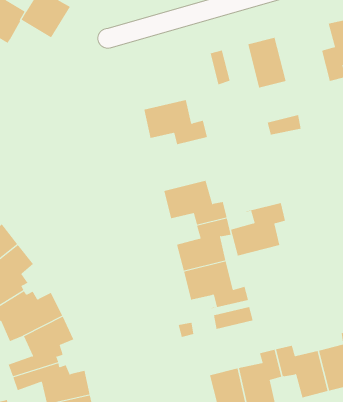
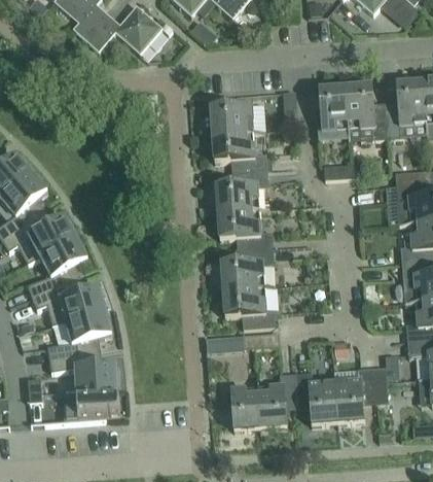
building: none -> [345,84,387,138]
building: none -> [210,103,253,132]
building: [230,202,286,256] -> [215,168,267,210]

